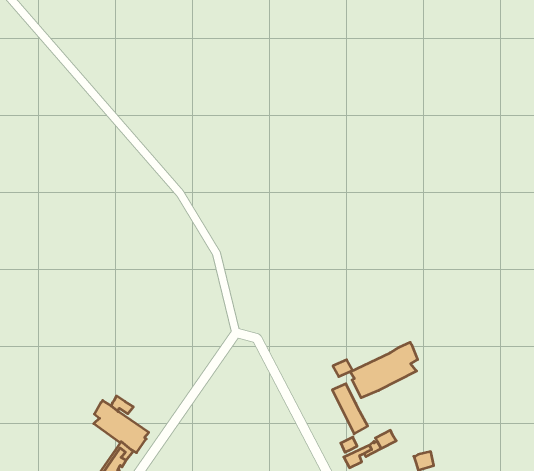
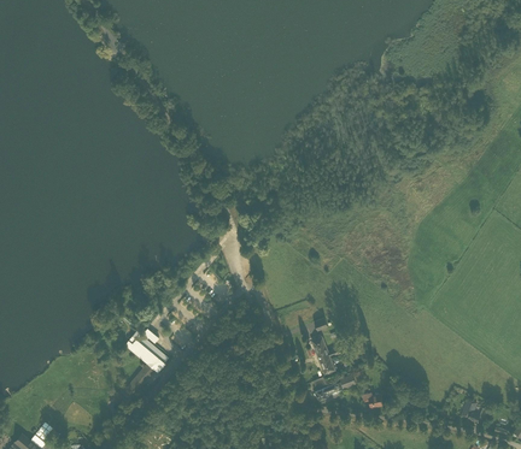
building: [350,342,418,398] -> none

